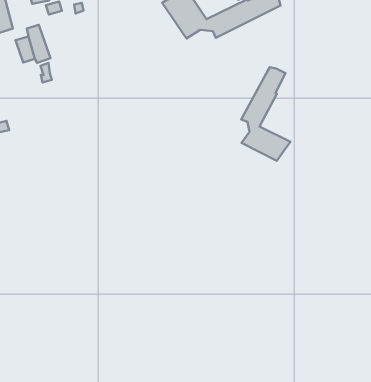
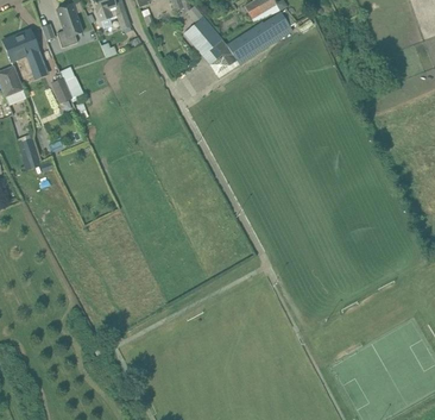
building: [241,67,290,161] -> none

